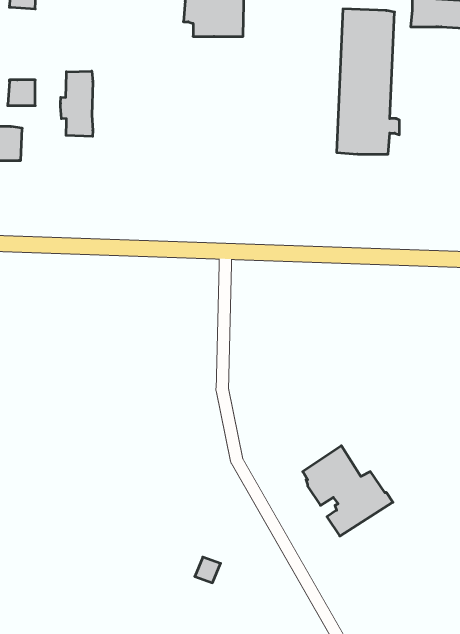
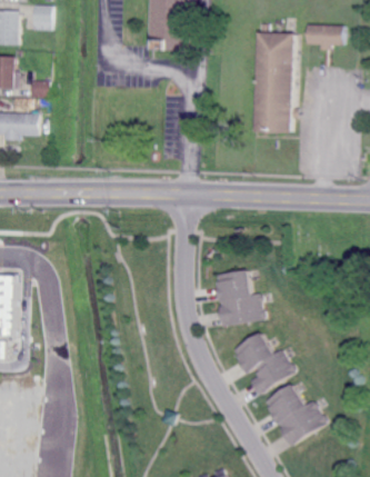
building: [60,71,93,136] -> none
building: none -> [212,271,263,327]
building: none -> [262,385,326,447]

